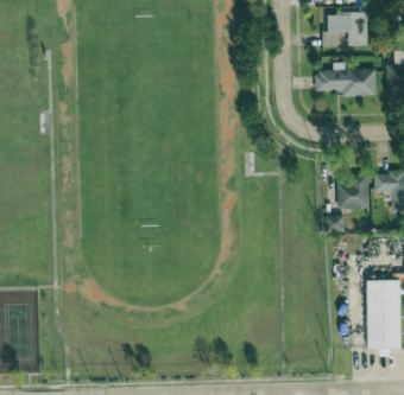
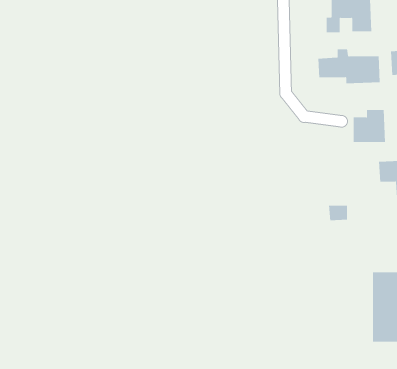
building: [336,176,368,208] -> [353,110,386,142]

